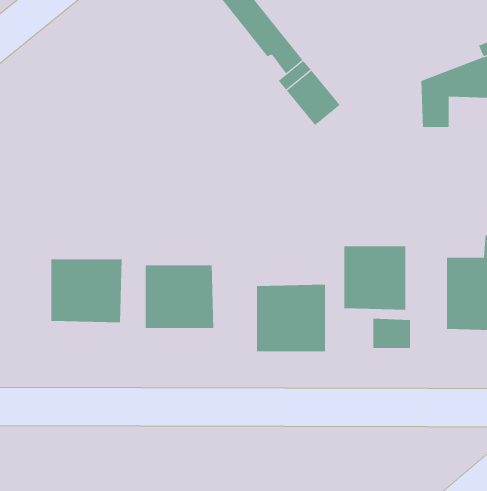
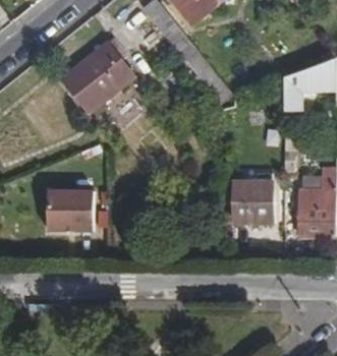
building: none -> [60,43,129,110]
building: [145,264,214,329] -> none
building: [257,284,325,352] -> none

